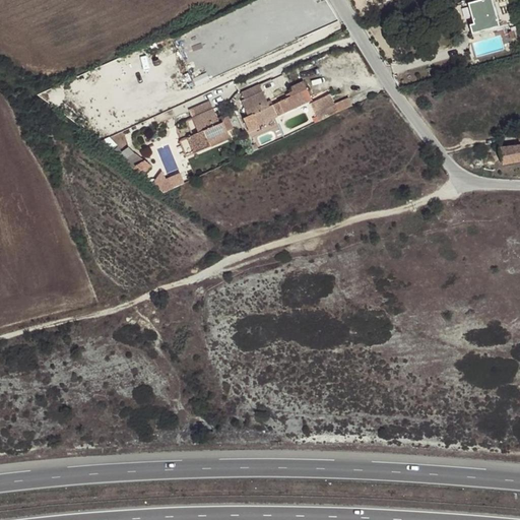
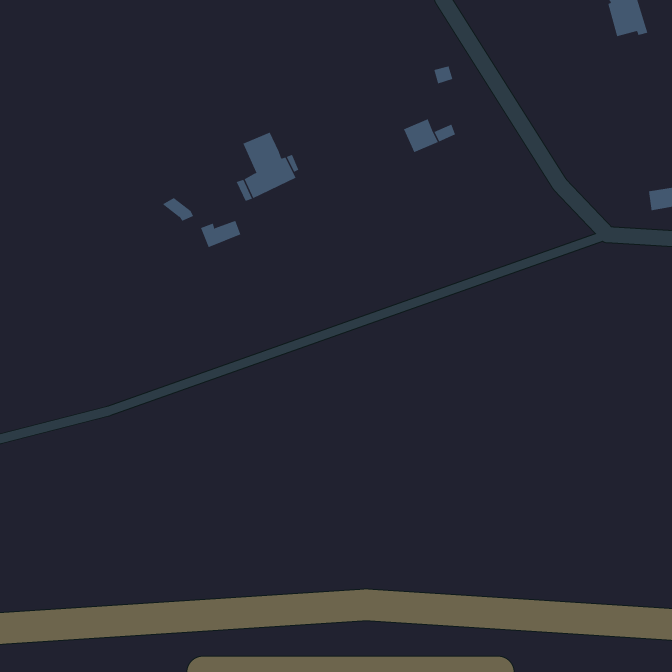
building: [241,81,311,131] -> none

